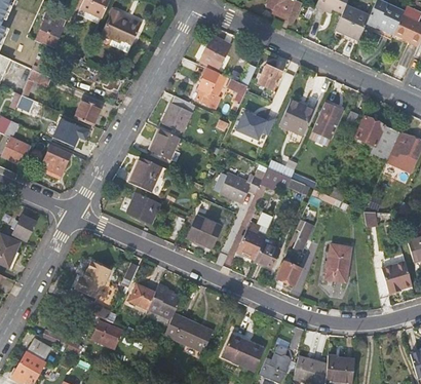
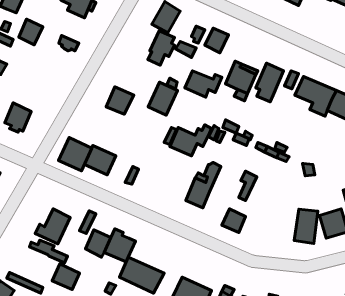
building: [162,95,194,131] -> [148,82,177,115]
building: [75,99,101,126] -> [19,19,43,45]
building: [52,119,88,147] -> none
building: [129,157,165,193] -> [59,138,92,171]
building: [187,216,221,249] -> none
building: [254,235,279,269] -> none
building: [324,244,350,281] -> [294,209,318,243]

